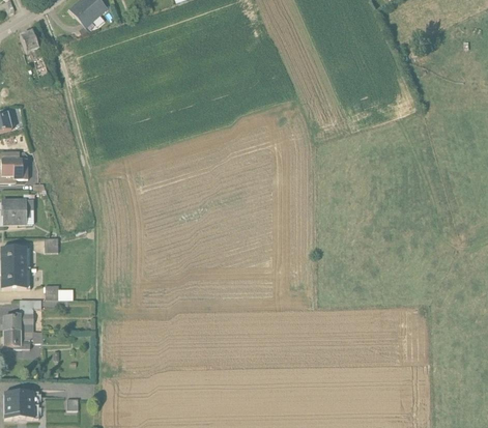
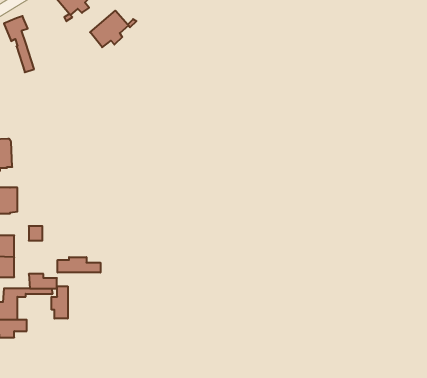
building: none -> [90,11,136,47]
building: none -> [58,257,100,273]
building: none -> [52,286,68,319]

